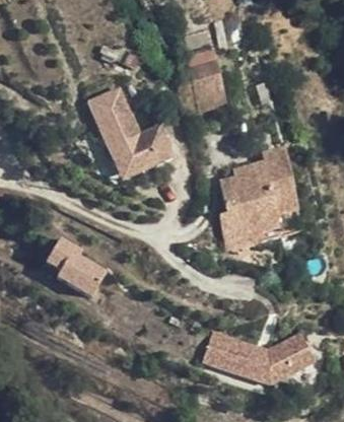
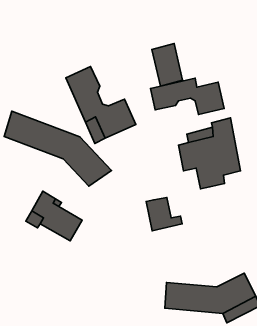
building: none -> [150,78,224,115]
building: none -> [4,111,111,186]
building: [219,207,262,247] -> [146,197,182,231]

